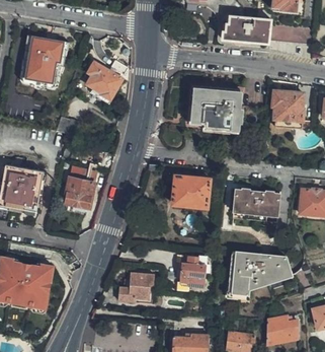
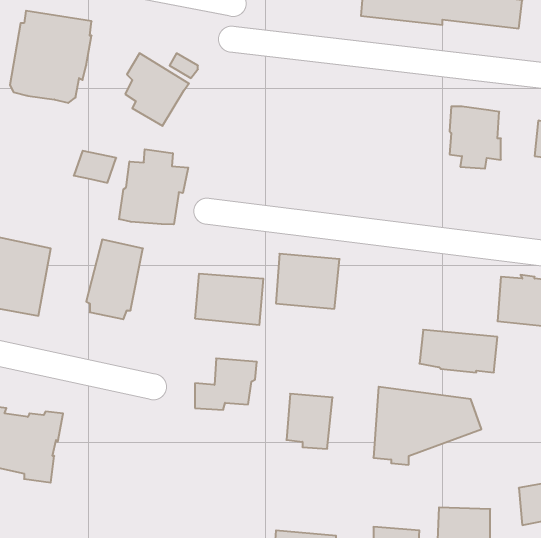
building: [191,90,239,132] -> none
building: none -> [119,149,188,224]
building: none -> [195,274,263,325]
building: [234,189,278,213] -> [419,330,497,372]
building: [117,273,153,302] -> [195,358,257,410]

